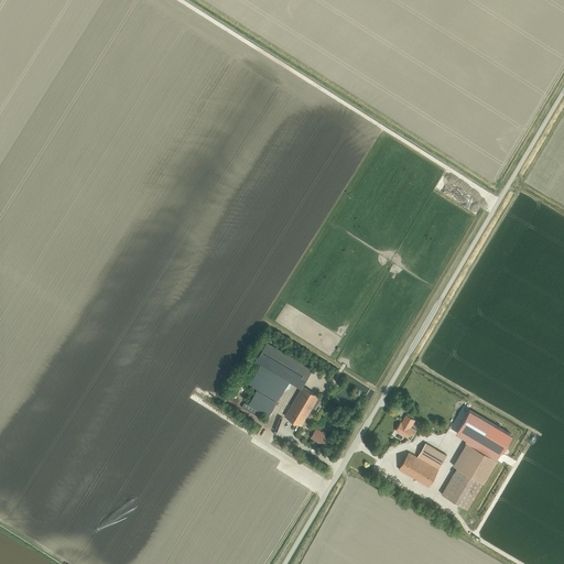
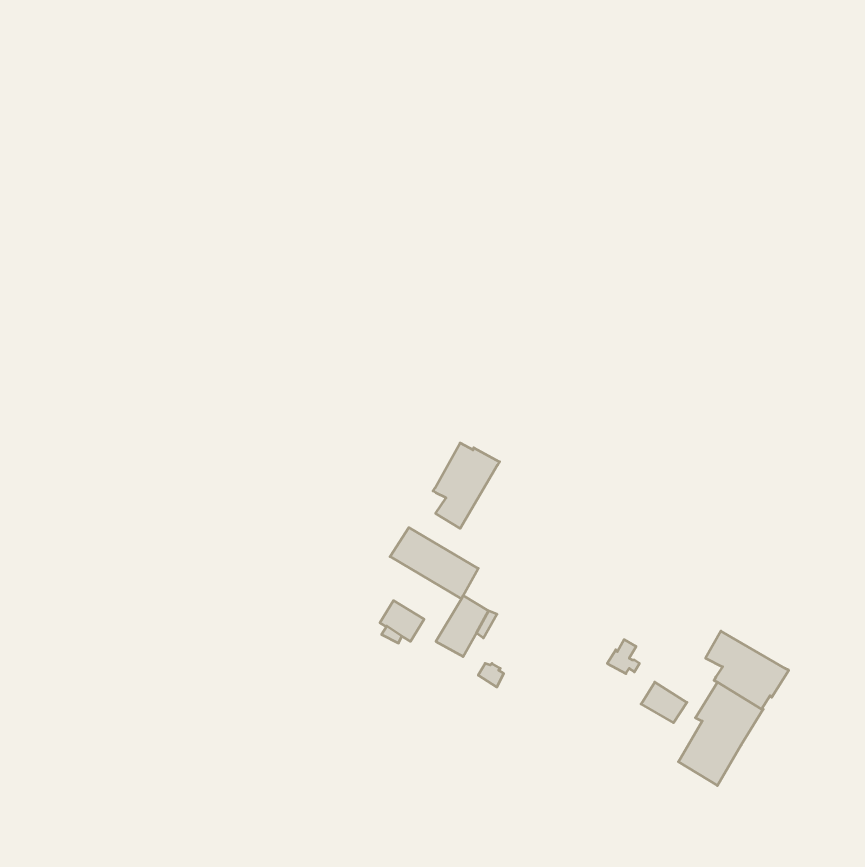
building: none -> [433,443,500,528]
building: [248,365,288,401] -> none
building: [398,453,437,487] -> none

